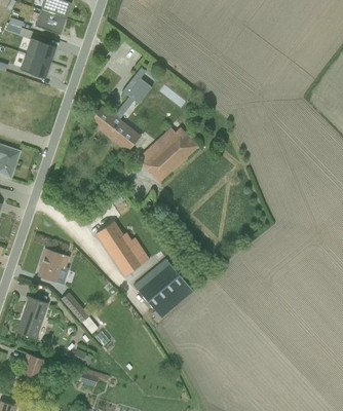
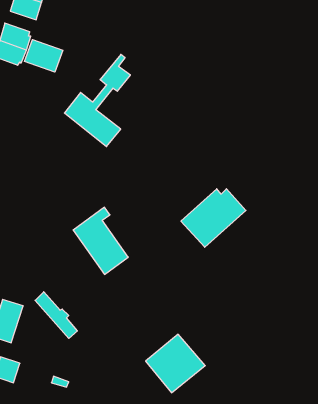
building: none -> [24,40,63,72]
building: [138,127,199,183] -> [181,189,246,247]
building: [37,248,69,279] -> none
building: [136,261,192,316] -> [146,334,205,393]

